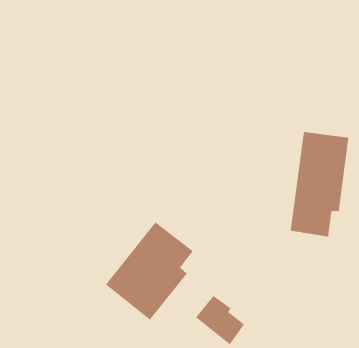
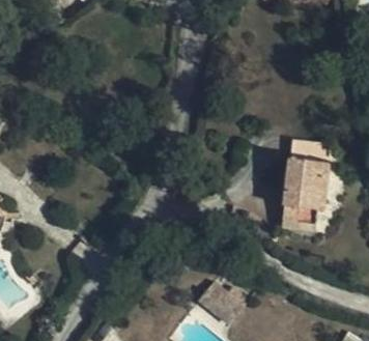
building: [105,222,194,320] -> none

